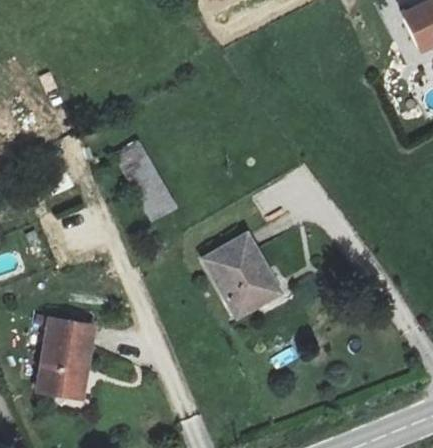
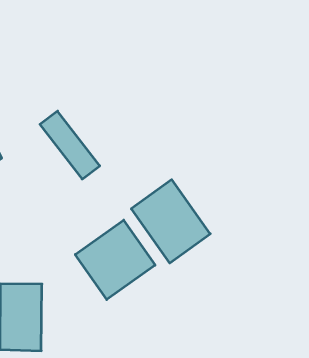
building: none -> [75,220,155,300]

